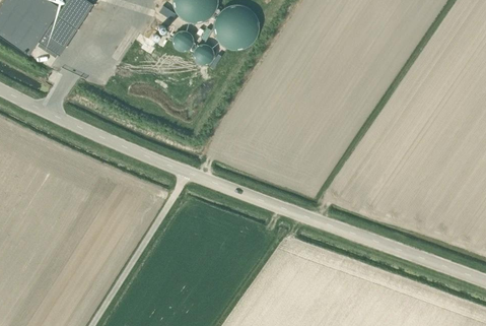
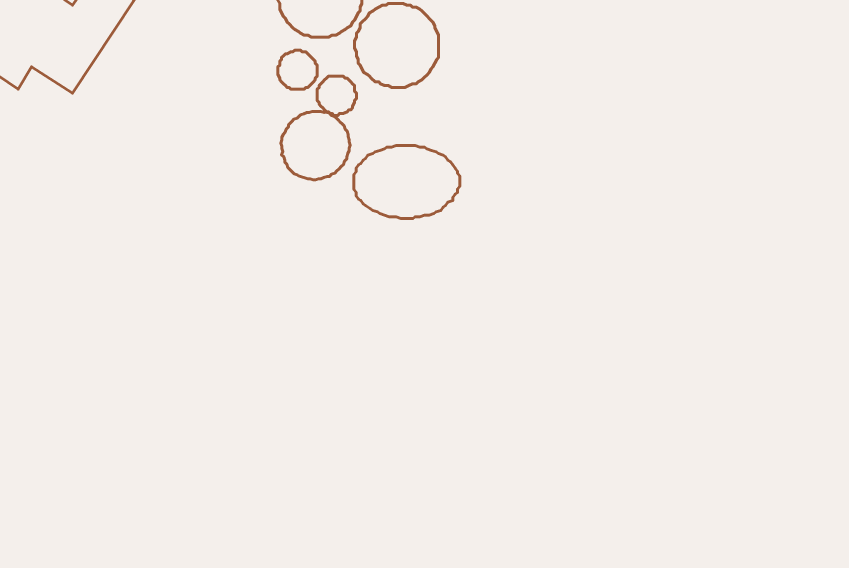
building: none -> [281,111,350,180]
building: none -> [354,146,460,218]

